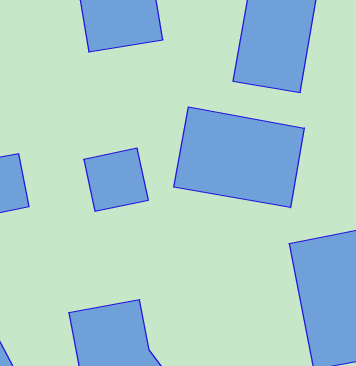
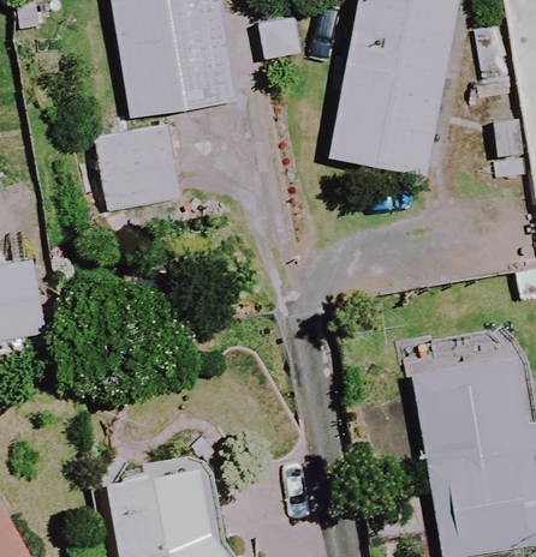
building: [174,107,304,208] -> none
building: [84,148,148,211] -> [93,125,183,212]

